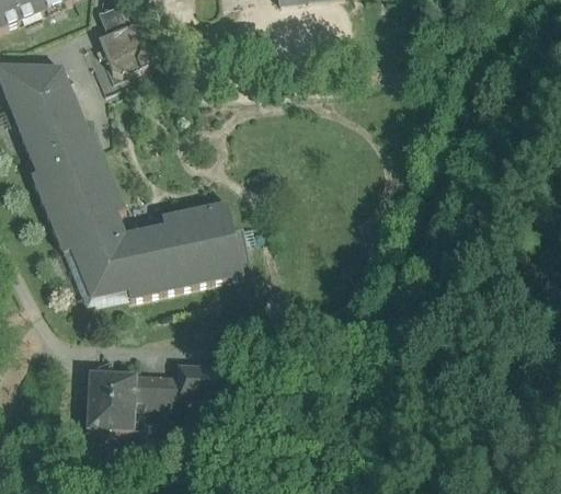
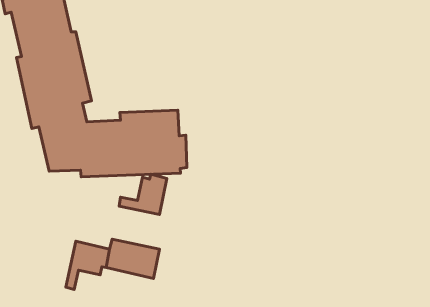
building: none -> [119,174,167,215]
building: [87,371,136,429] -> none

